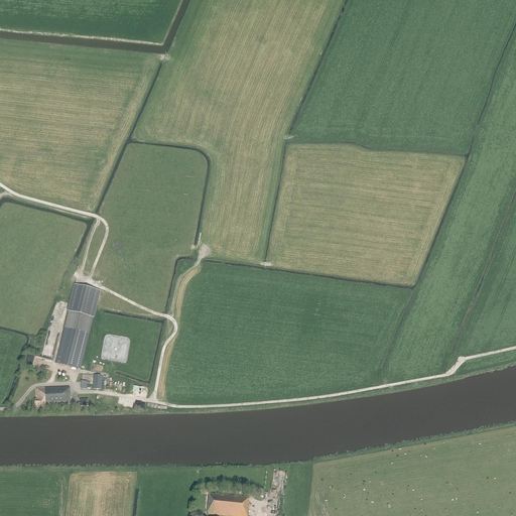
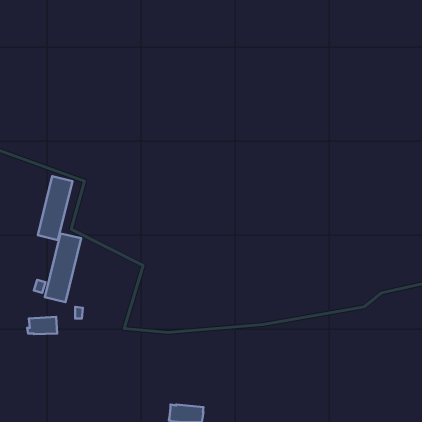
building: none -> [38,176,73,240]

